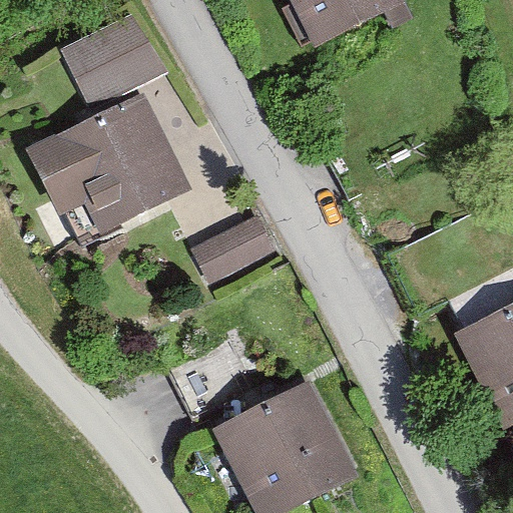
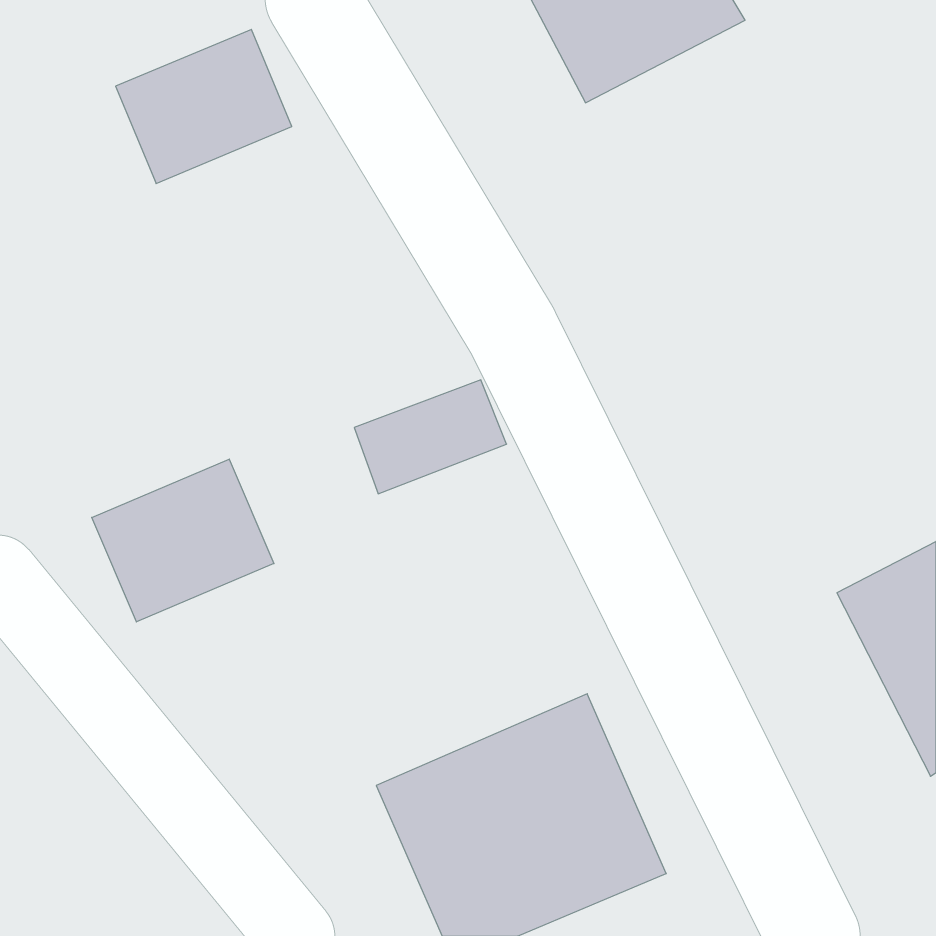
building: [30,96,188,244] -> none
building: none -> [92,459,274,622]

